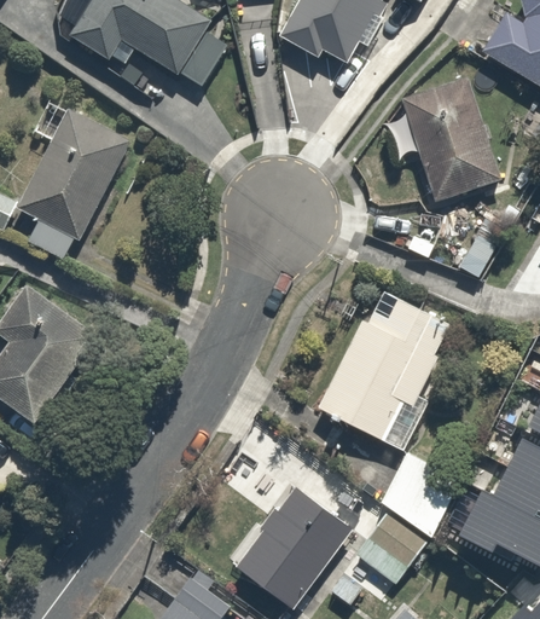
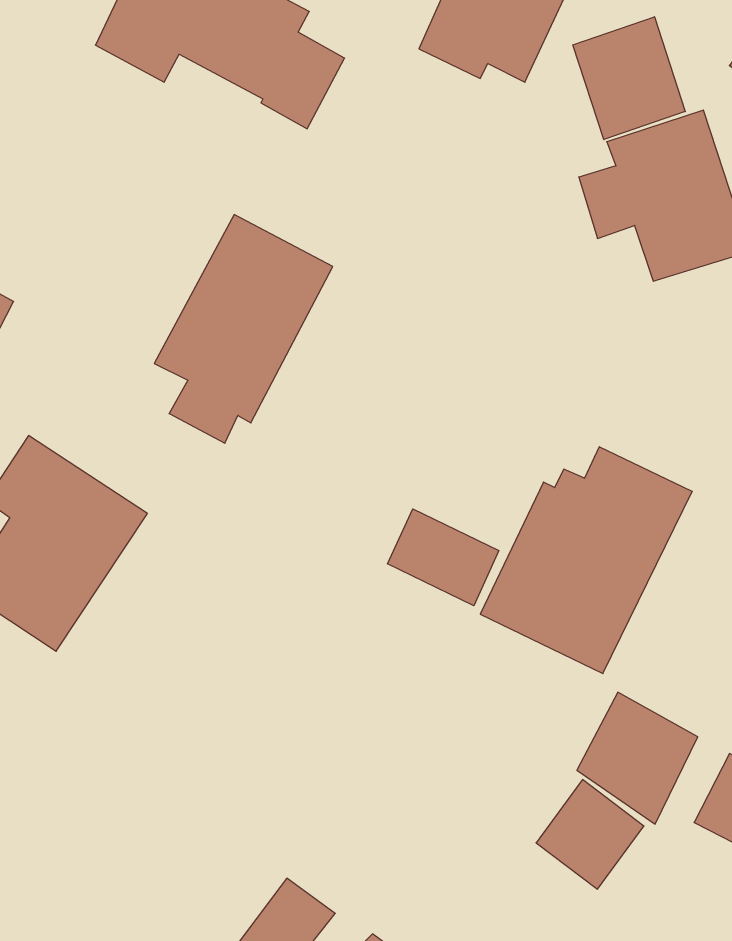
building: none -> [573,17,685,140]
building: [22,108,138,256] -> [154,215,333,443]
building: none -> [388,509,499,606]
building: [234,484,348,606] -> none

